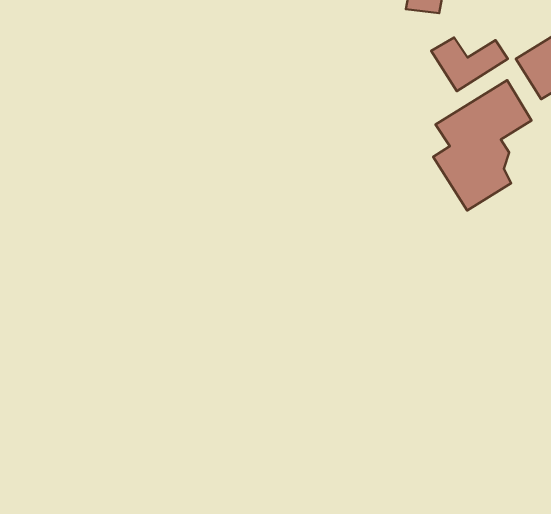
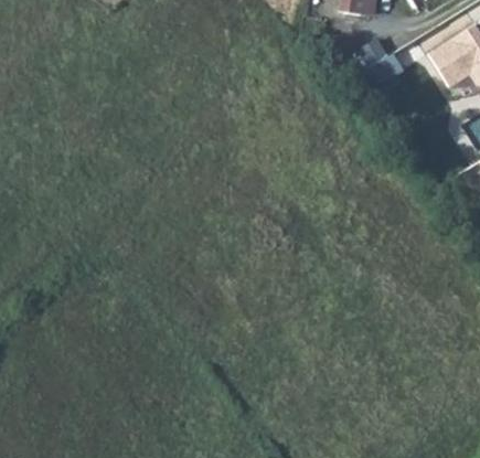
building: [433,80,531,211] -> none

